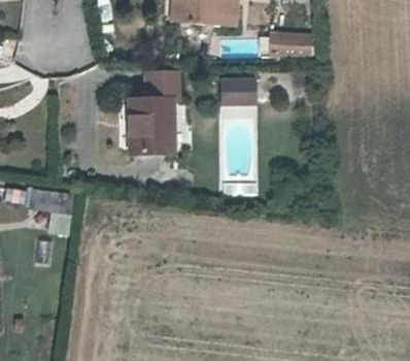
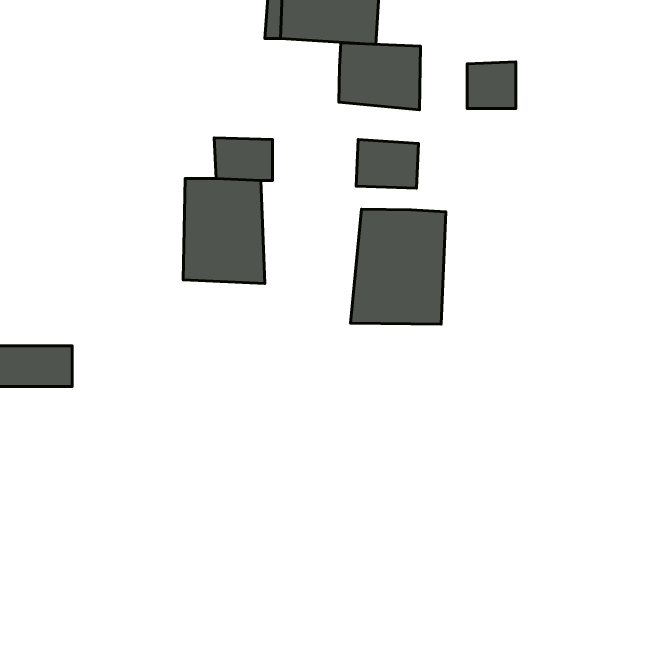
building: none -> [339,43,420,110]
building: none -> [350,209,446,324]

